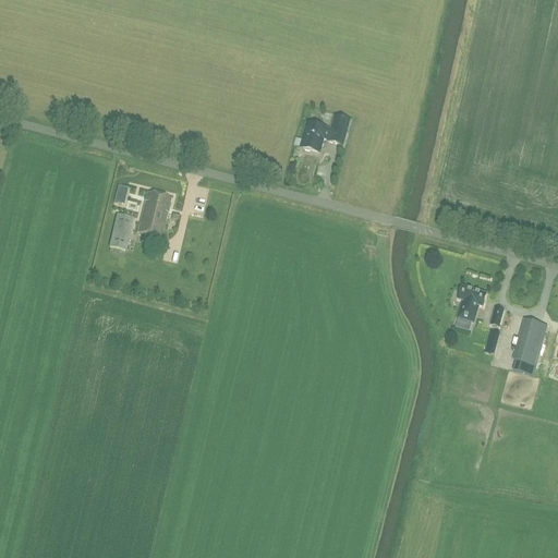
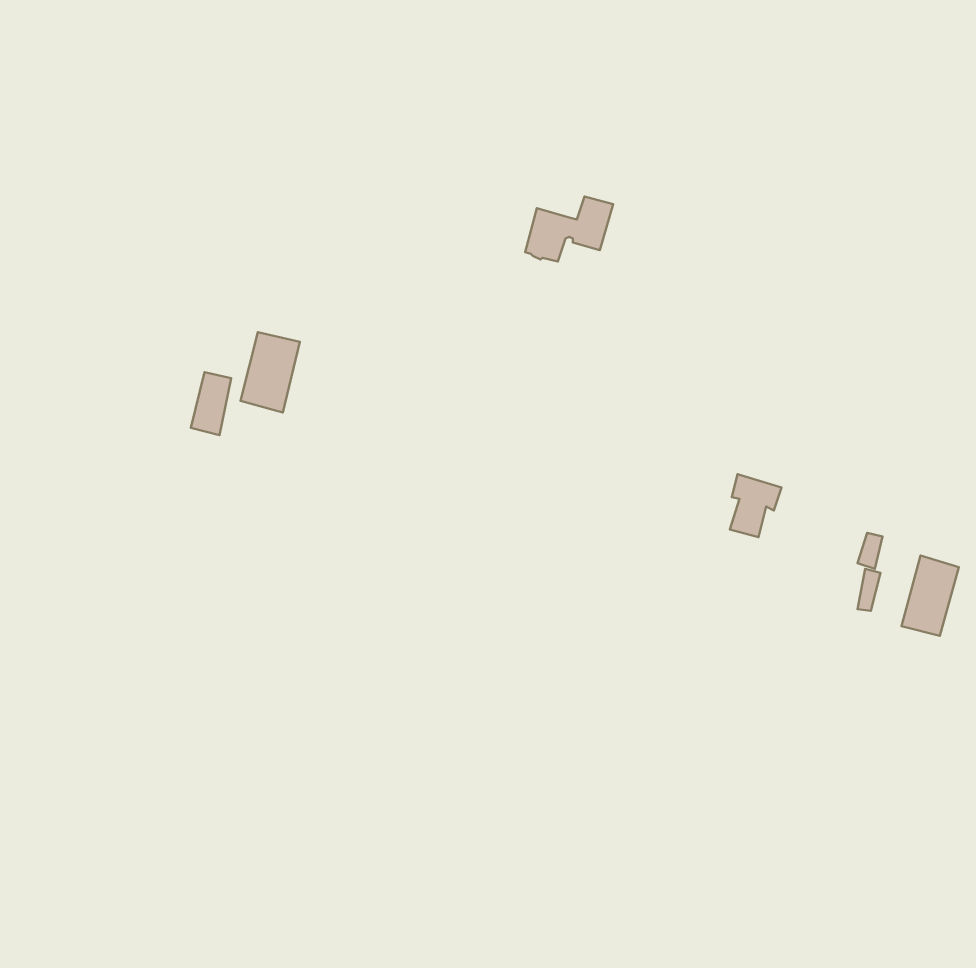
building: [457,283,486,319] -> [730,474,782,537]

